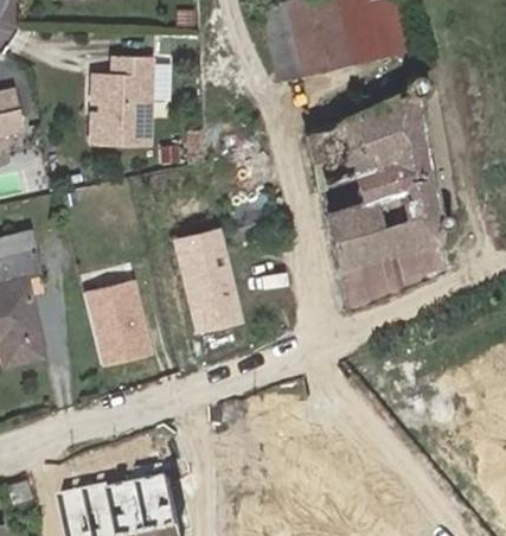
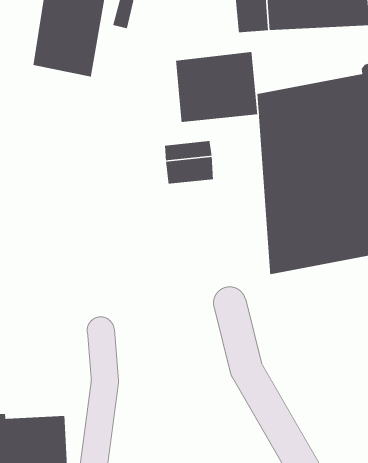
building: none -> [175,51,258,123]
building: [173,226,245,336] -> none
building: [84,277,155,365] -> none

